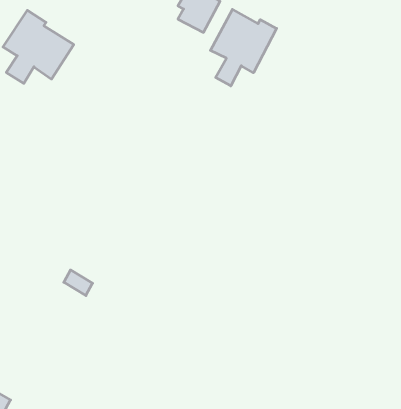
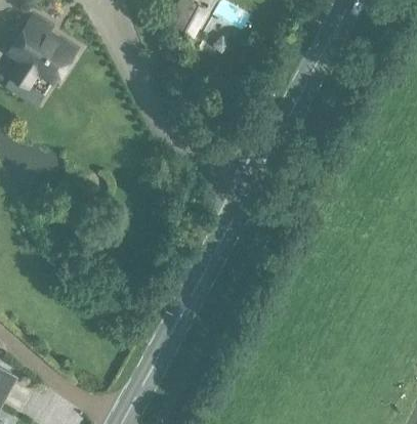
building: [210,9,277,86] -> none

